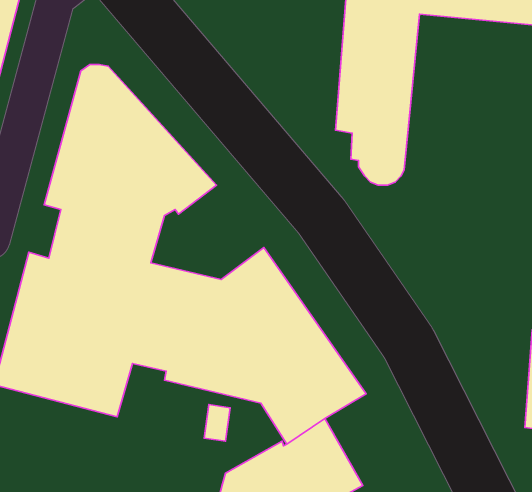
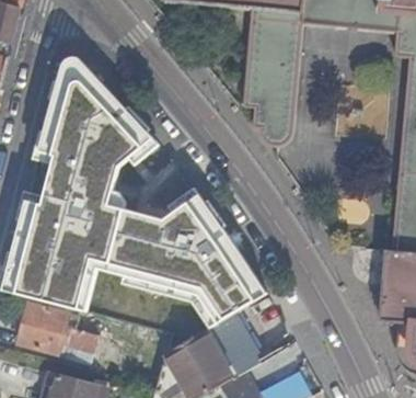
building: none -> [21,303,102,352]

